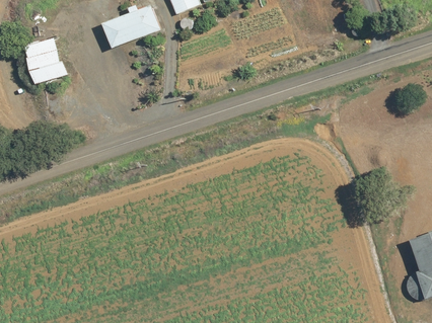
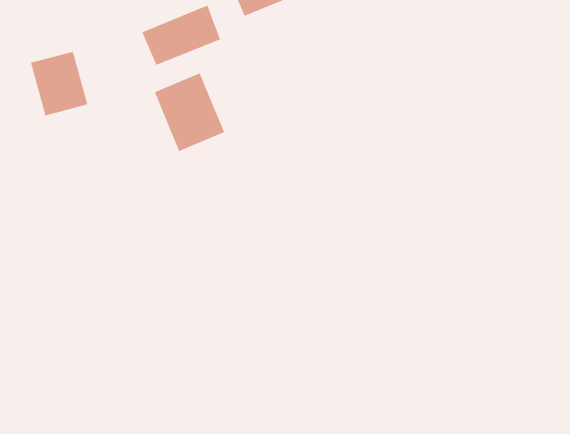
building: none -> [154,73,225,152]

